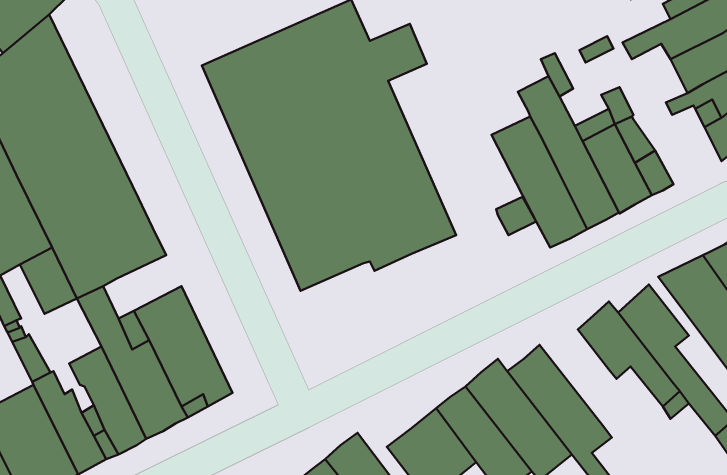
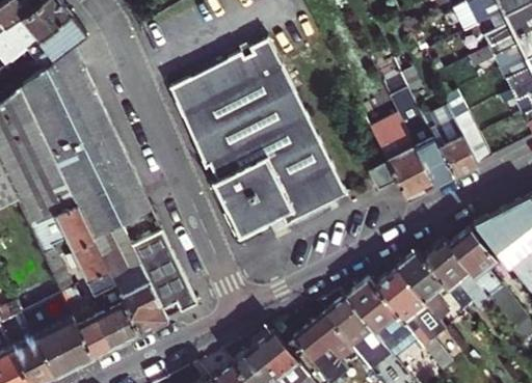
building: none -> [68,238,106,281]
building: none -> [401,252,452,323]

